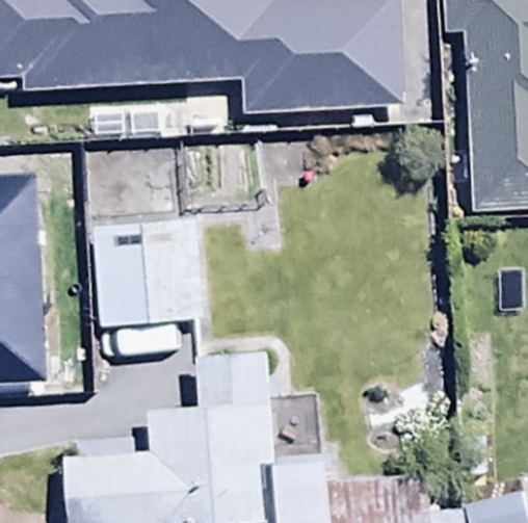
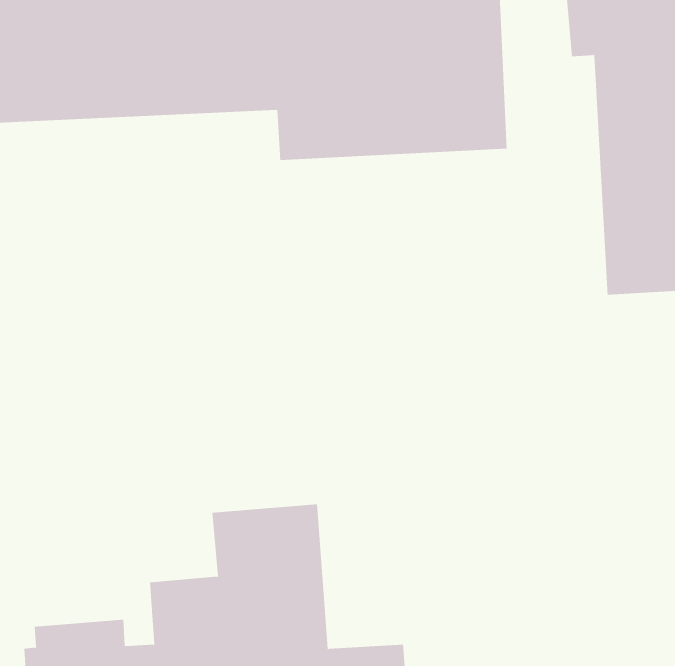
building: [80,147,206,330] -> none

